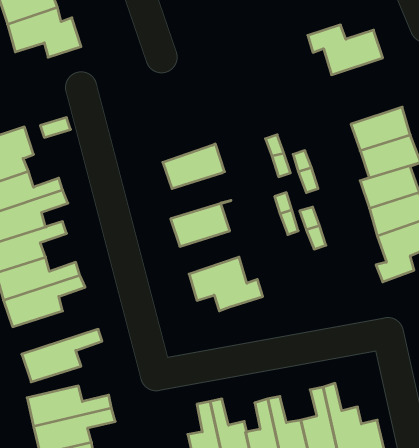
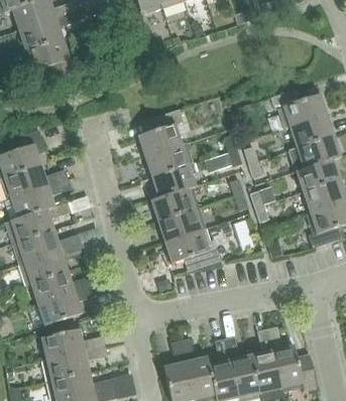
building: [308,25,383,75] -> [270,90,328,128]
building: none -> [137,109,184,157]
building: none -> [150,164,197,200]
building: none -> [157,210,203,243]
building: none -> [29,271,95,304]

